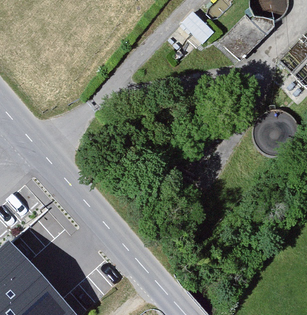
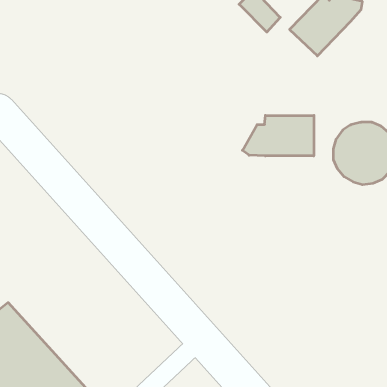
building: none -> [242,115,314,156]

